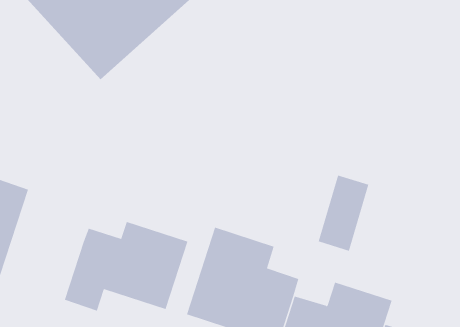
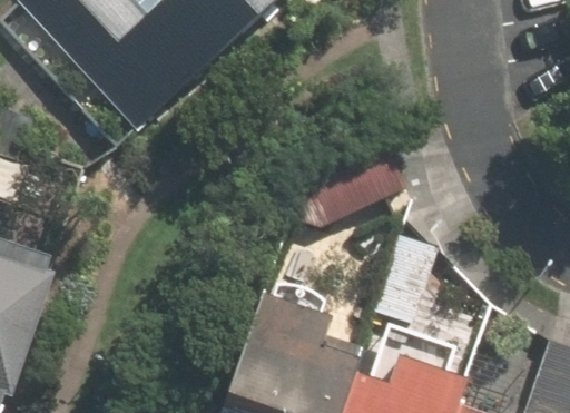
building: [64,221,188,311] -> none

